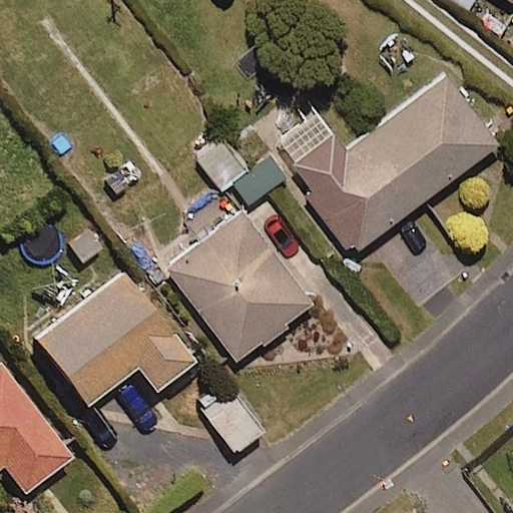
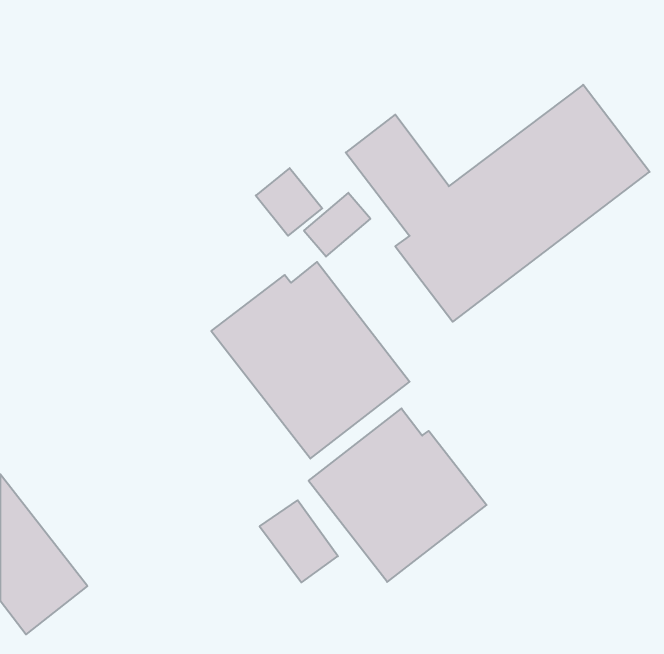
building: [32,273,191,408] -> none
building: none -> [309,408,487,582]

